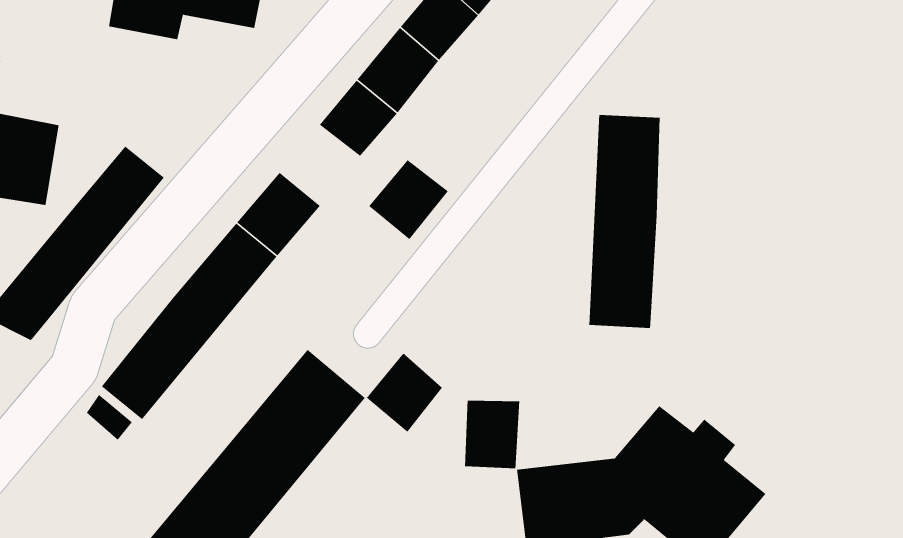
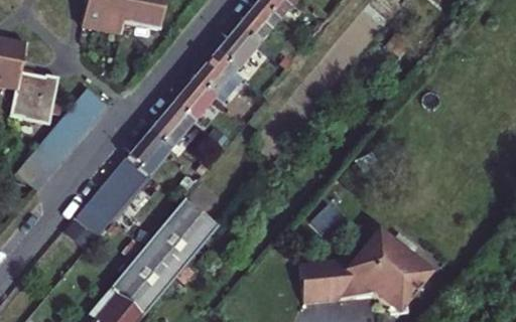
building: [589,114,661,329] -> none
building: [368,159,449,240] -> [172,76,216,120]
building: [366,352,443,433] -> none
building: [464,400,520,469] -> none

